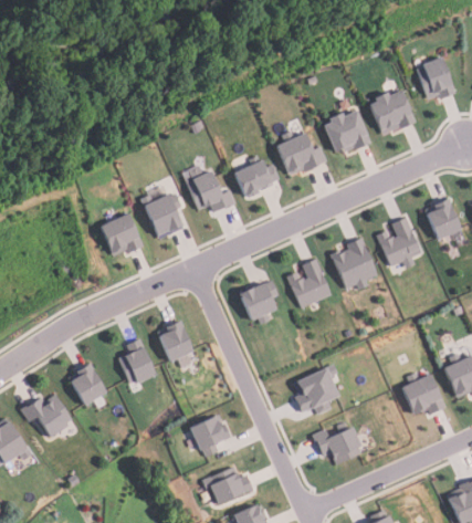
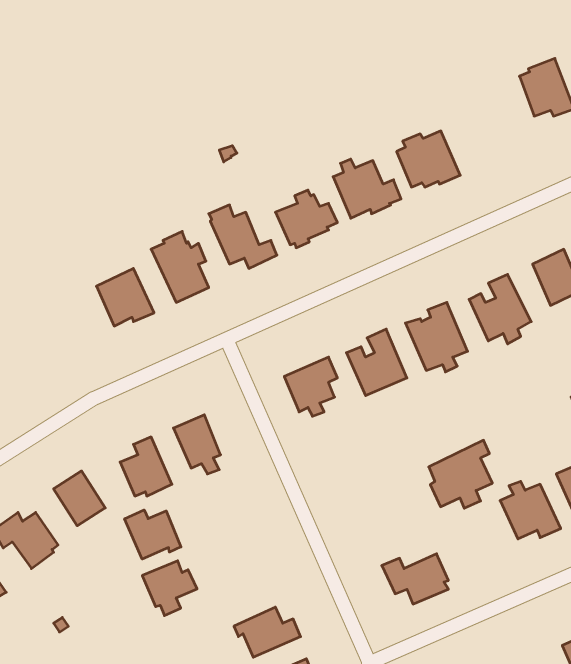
building: [369,90,416,134] -> none
building: [293,363,340,414] -> [429,440,492,508]
building: none -> [125,510,181,559]
building: [189,416,230,457] -> [142,561,197,616]

